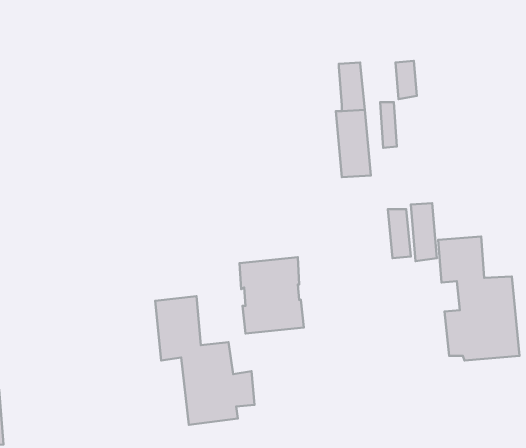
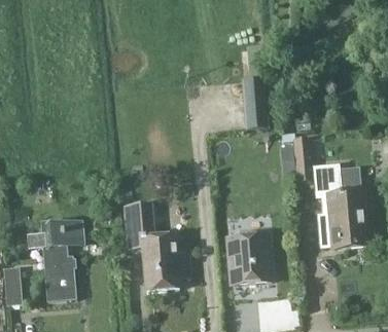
building: [240,257,304,333] -> [227,230,271,282]
building: none -> [25,221,84,299]

